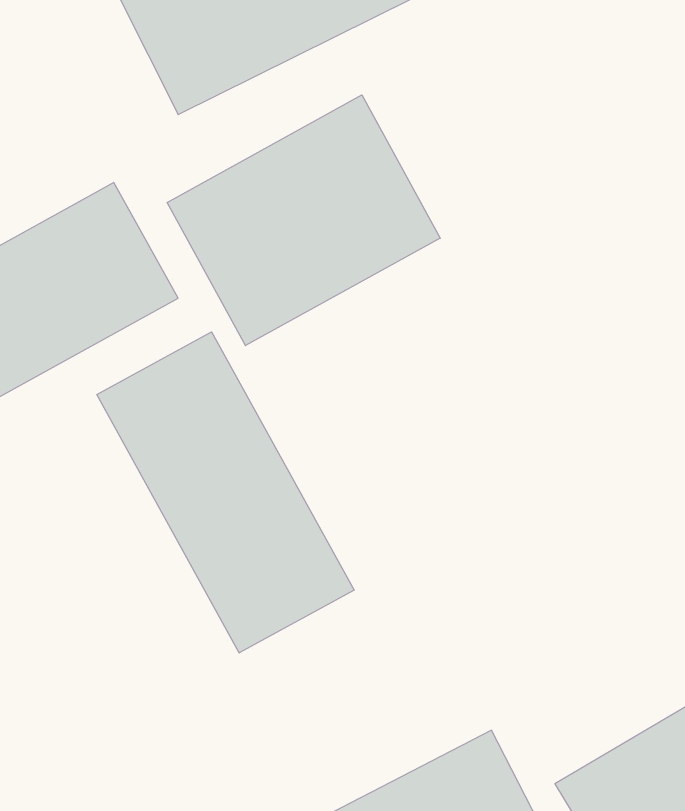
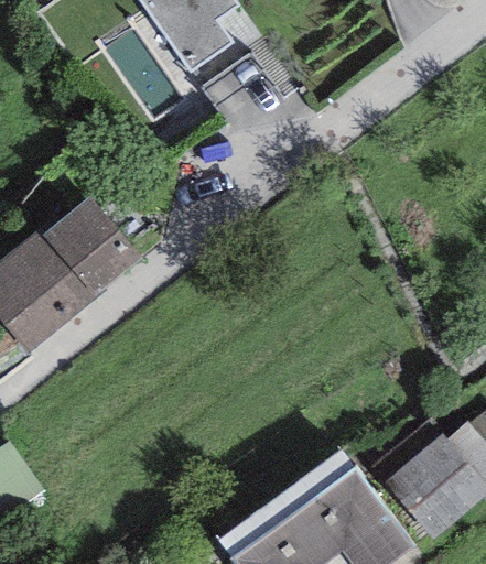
building: [167,95,440,346] -> none
building: [97,332,354,653] -> none

